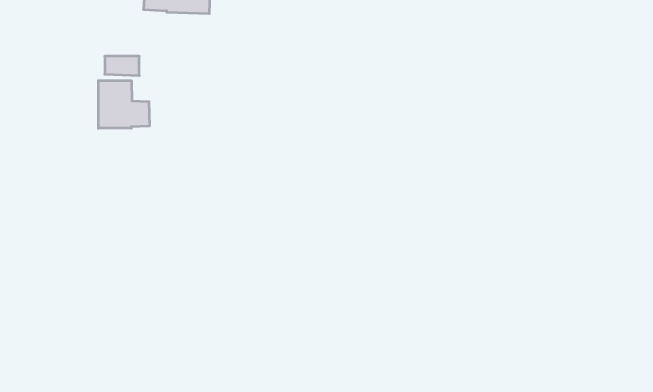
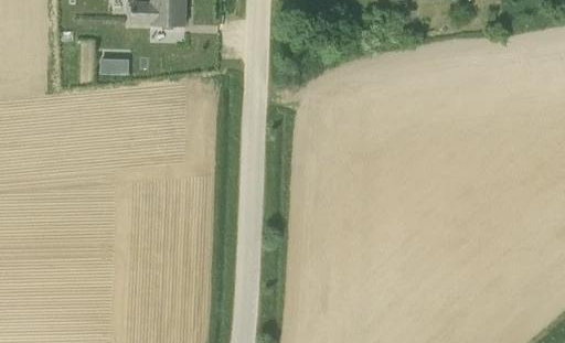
building: [98,81,149,128] -> none

